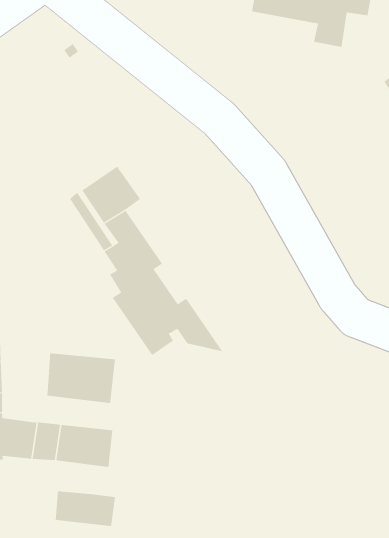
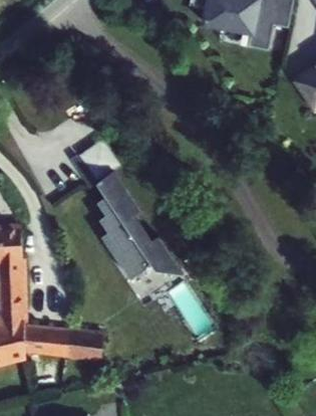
building: [47,353,116,404] -> none
building: [55,491,115,527] -> none

